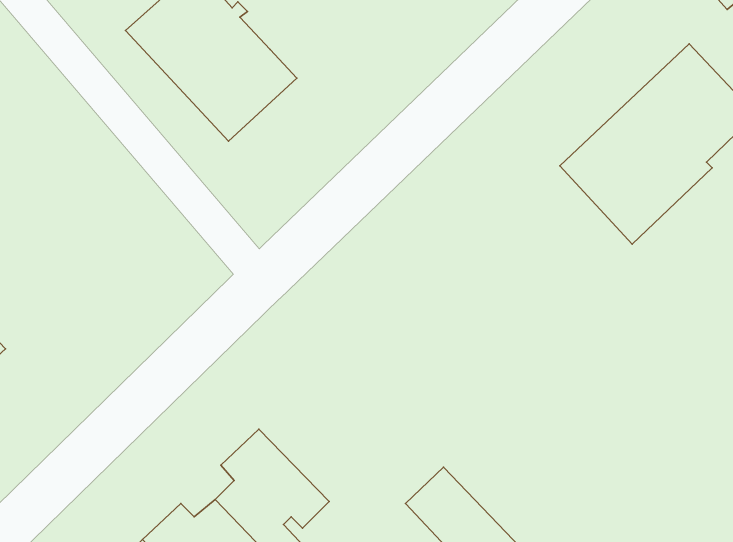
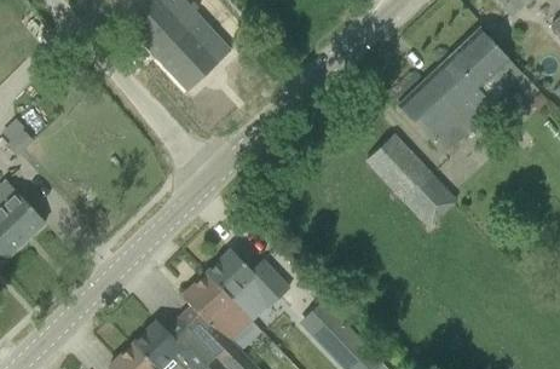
building: none -> [366,136,457,227]
building: none -> [207,250,289,319]

